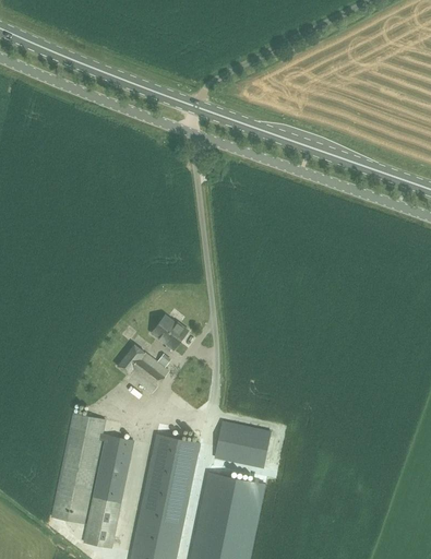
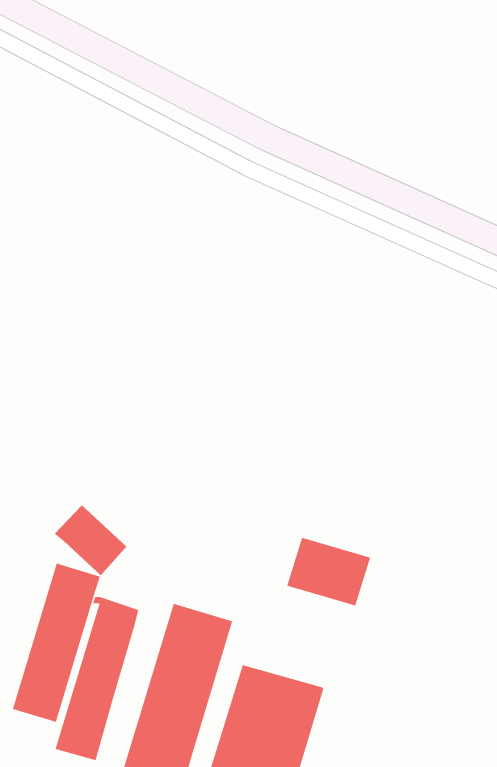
building: [152,316,188,349] -> none
building: [117,345,168,393] -> [54,505,127,576]
building: [214,421,271,466] -> [286,537,371,606]

